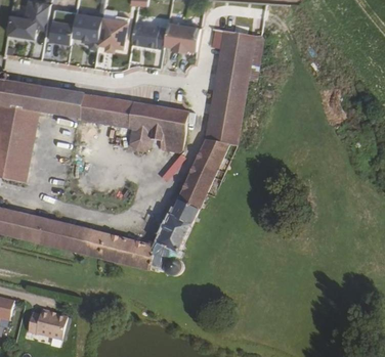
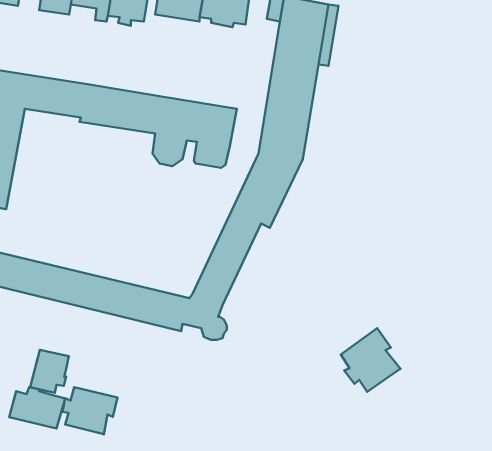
building: none -> [341,328,400,392]
building: none -> [30,350,69,393]
building: none -> [63,387,118,434]

